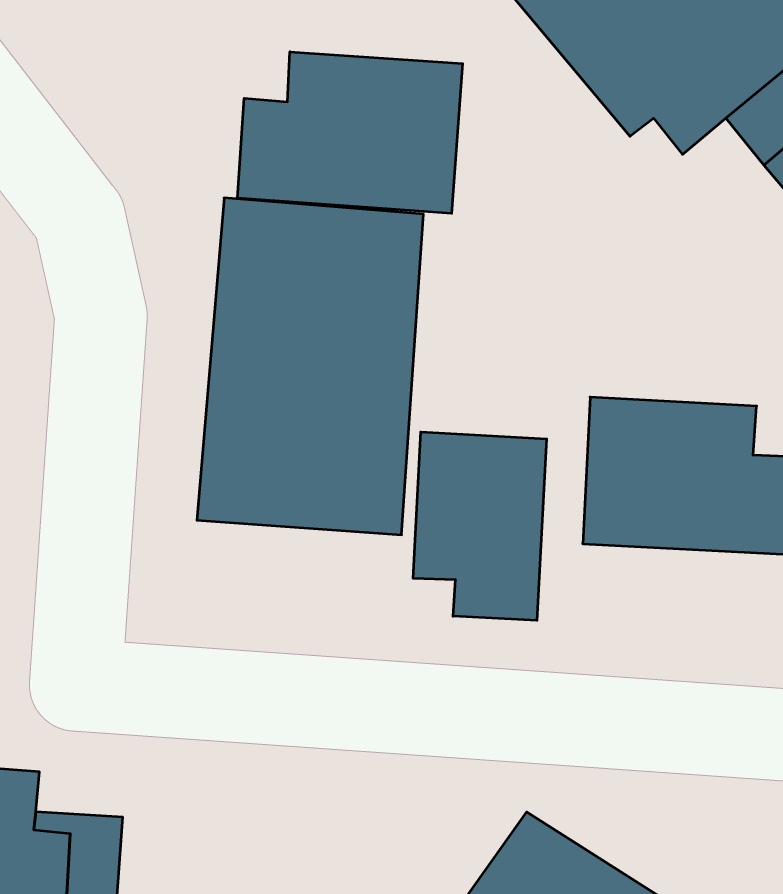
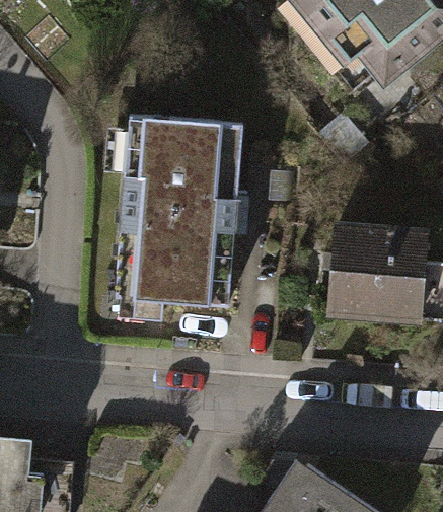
building: [237,52,463,213] -> none
building: [413,432,547,620] -> none

